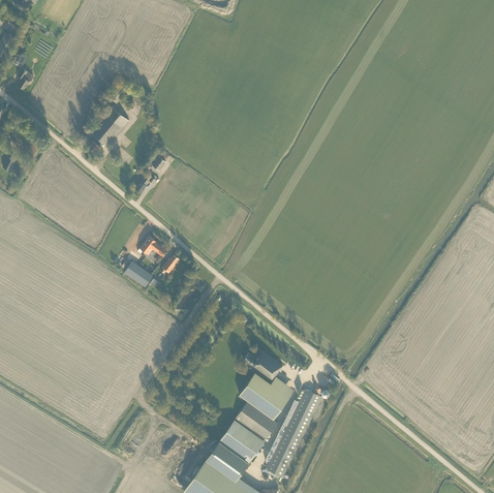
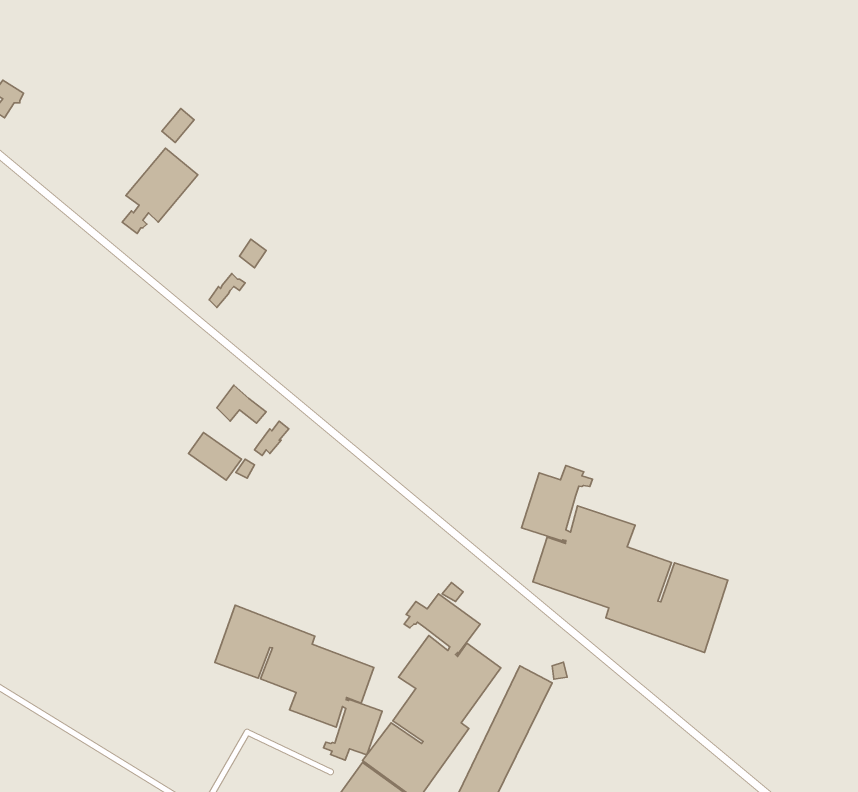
building: none -> [522,465,728,652]
building: none -> [215,605,382,760]

